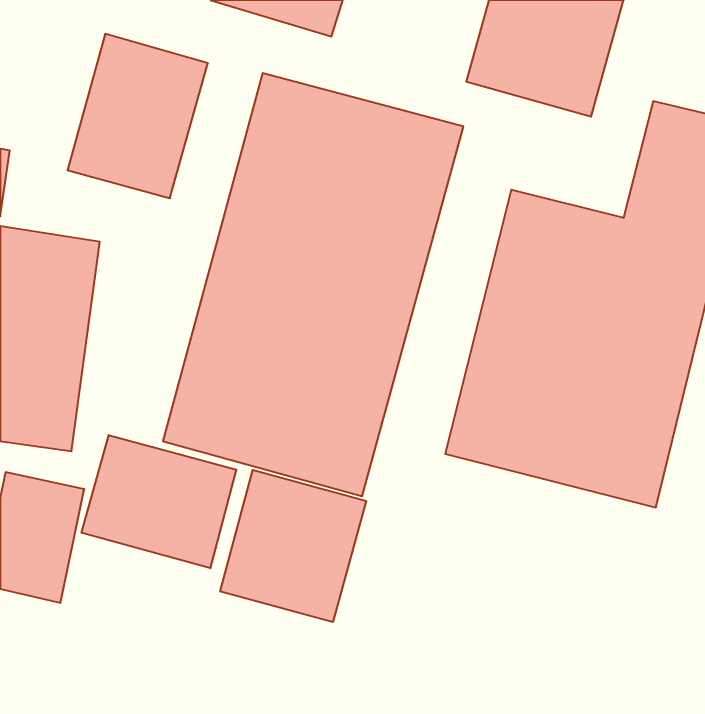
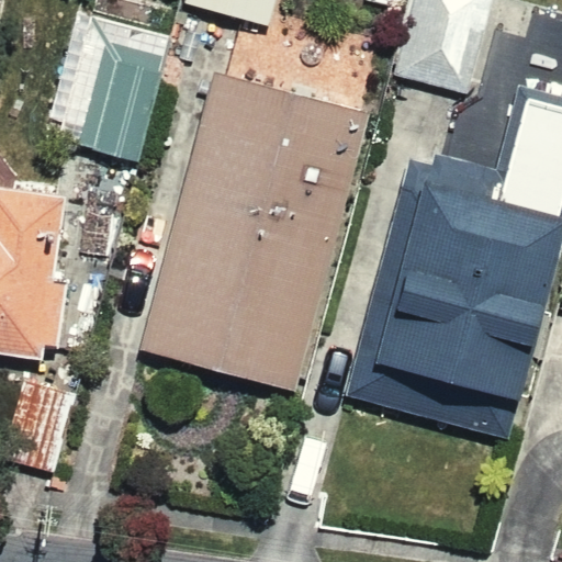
building: [82,435,236,568] -> none
building: [220,470,366,622] -> none

